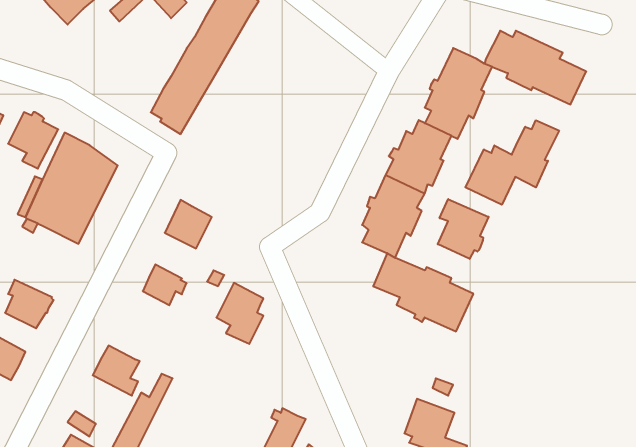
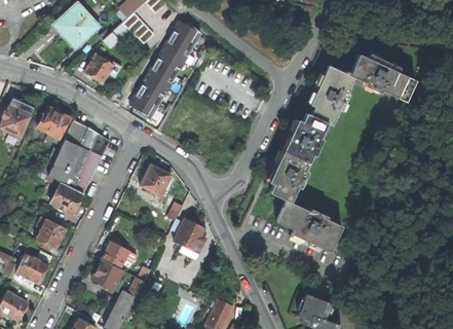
building: none -> [85,53,114,83]
building: [465,120,559,205] -> none
building: [438,199,489,259] -> none
building: none -> [50,181,83,213]
building: [143,264,187,305] -> [103,242,131,268]

